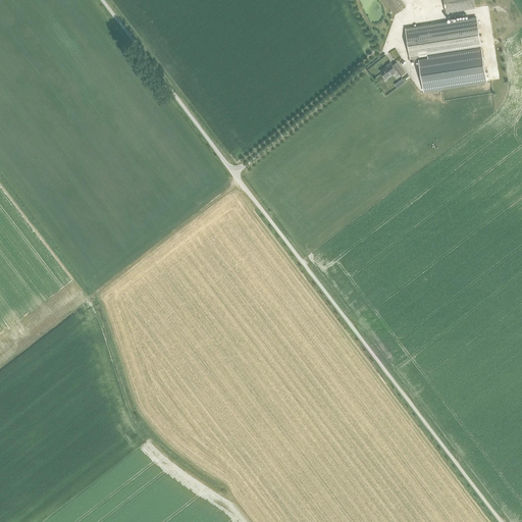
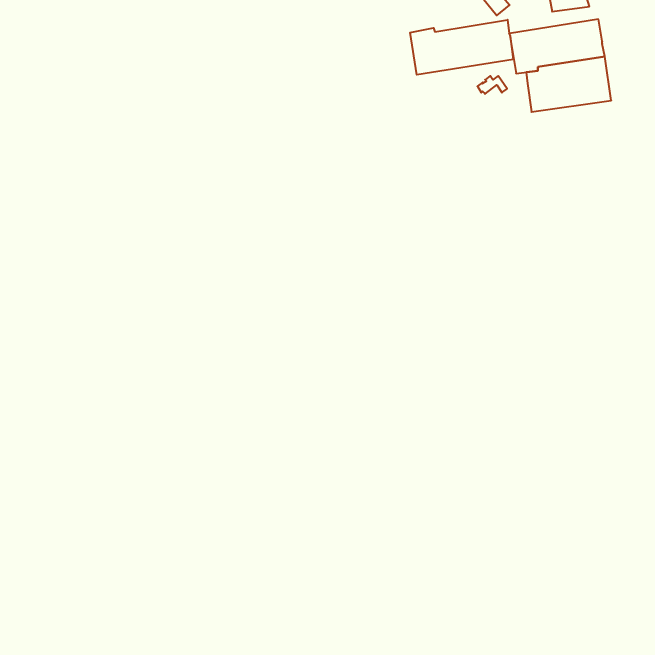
building: none -> [410,20,513,75]

